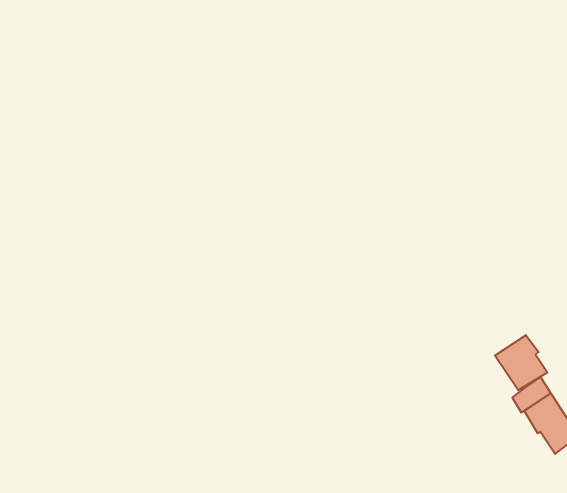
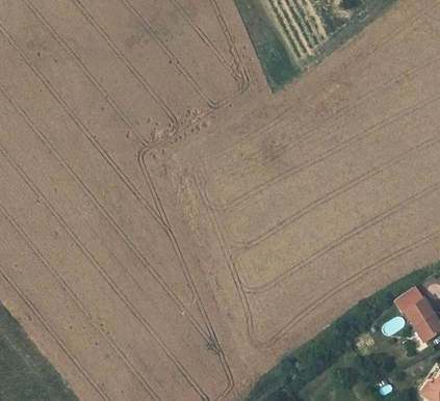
building: [495,335,547,390] -> none

